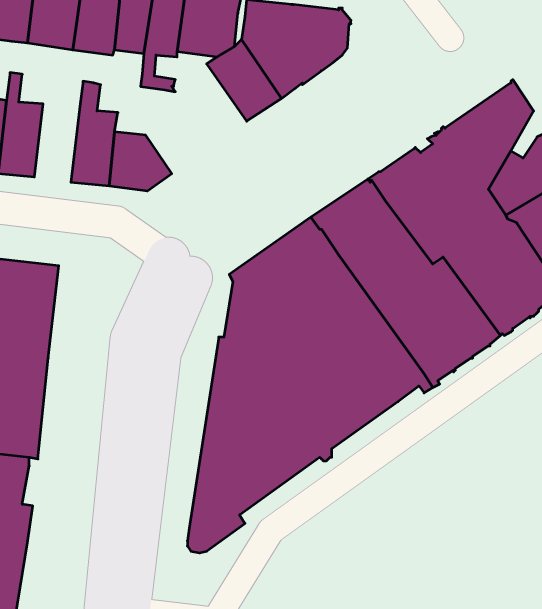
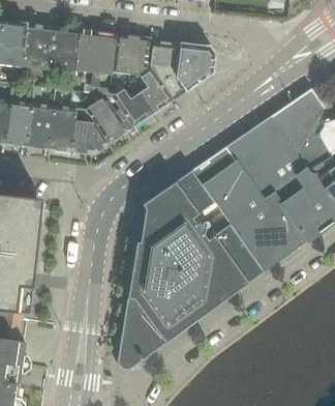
building: none -> [109,79,153,127]
building: none -> [27,86,54,149]
building: none -> [85,94,128,144]

